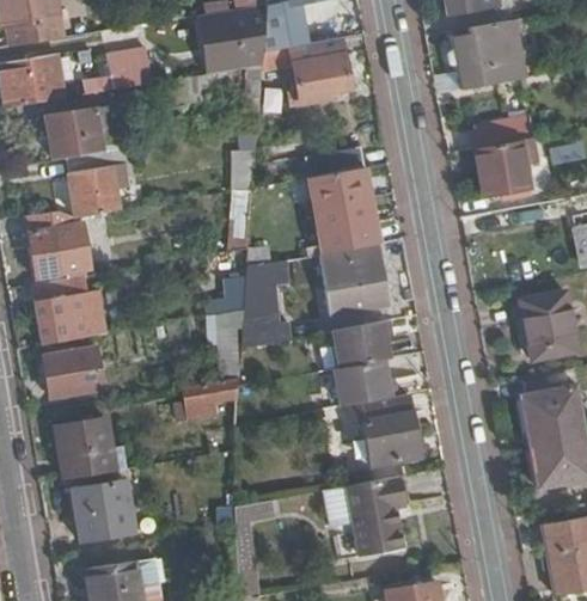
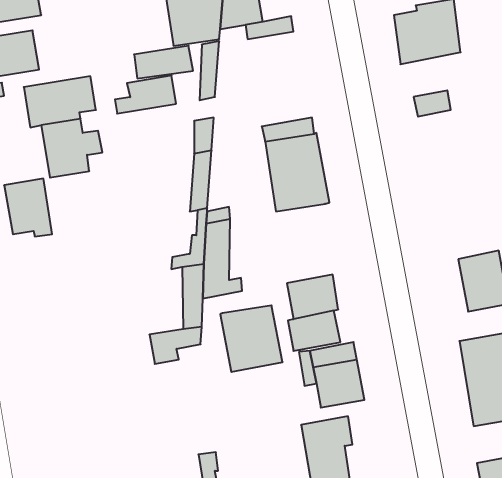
building: [85,51,152,93] -> [115,75,176,114]
building: [291,55,344,104] -> none
building: [475,143,530,198] -> none
building: [319,244,387,317] -> [220,305,283,372]
building: [30,274,108,343] -> none
building: [43,349,100,397] -> none
building: [56,417,117,480] -> none
building: [73,480,134,539] -> none

